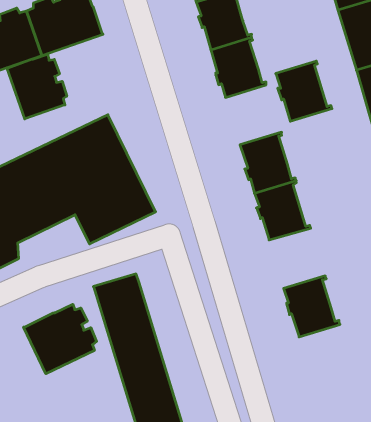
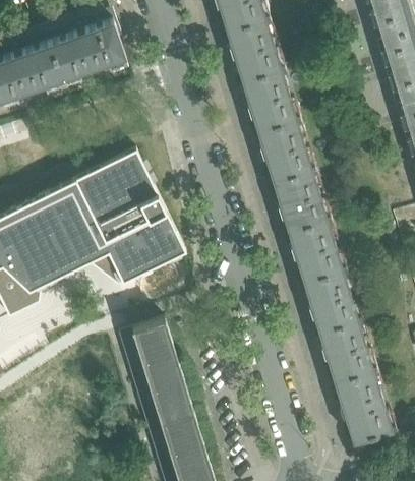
building: [7,54,67,119] -> none
building: [276,61,332,121] -> [258,119,317,182]
building: none -> [304,269,363,333]
building: [24,304,97,374] -> none
building: none -> [336,370,397,443]

